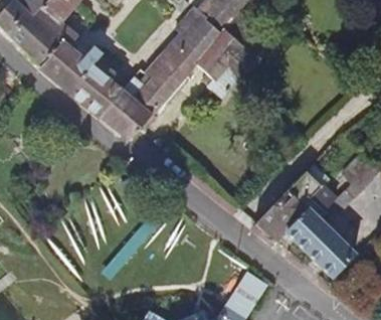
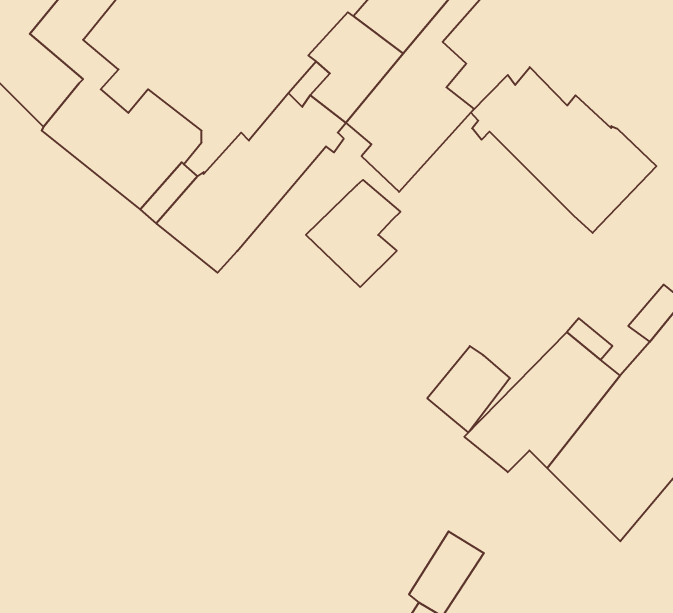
building: none -> [471,67,656,233]
building: none -> [306,180,400,287]
building: none -> [427,346,510,432]

